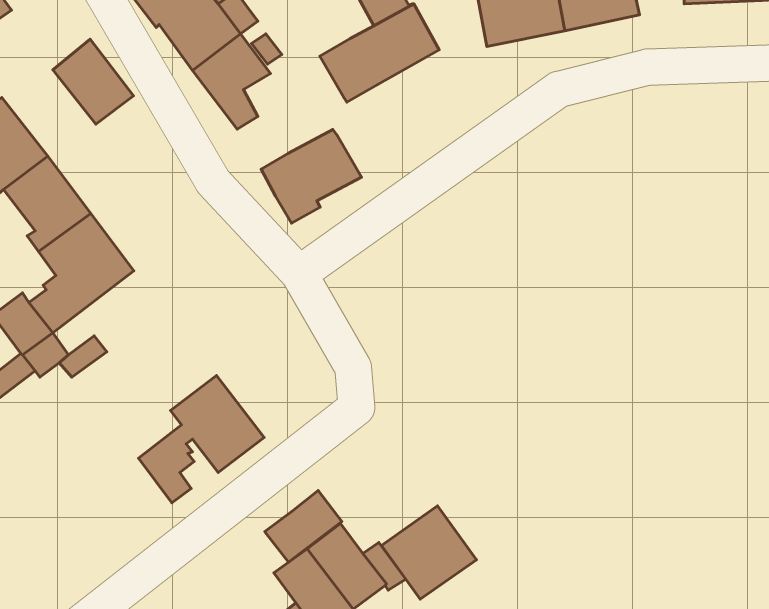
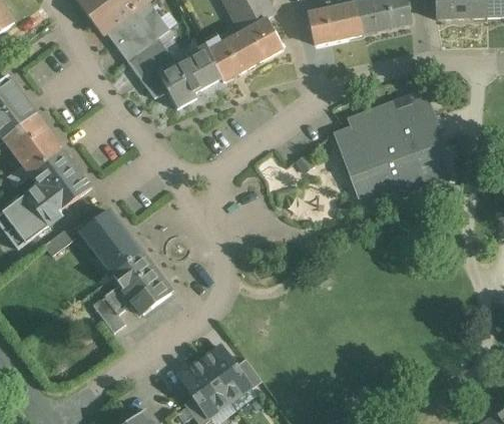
building: [53,39,133,124] -> none
building: none -> [334,90,447,195]
building: [261,129,362,223] -> [158,46,221,105]
building: none -> [80,208,141,274]
building: [265,491,342,562] -> none
building: [381,506,476,599] -> none

